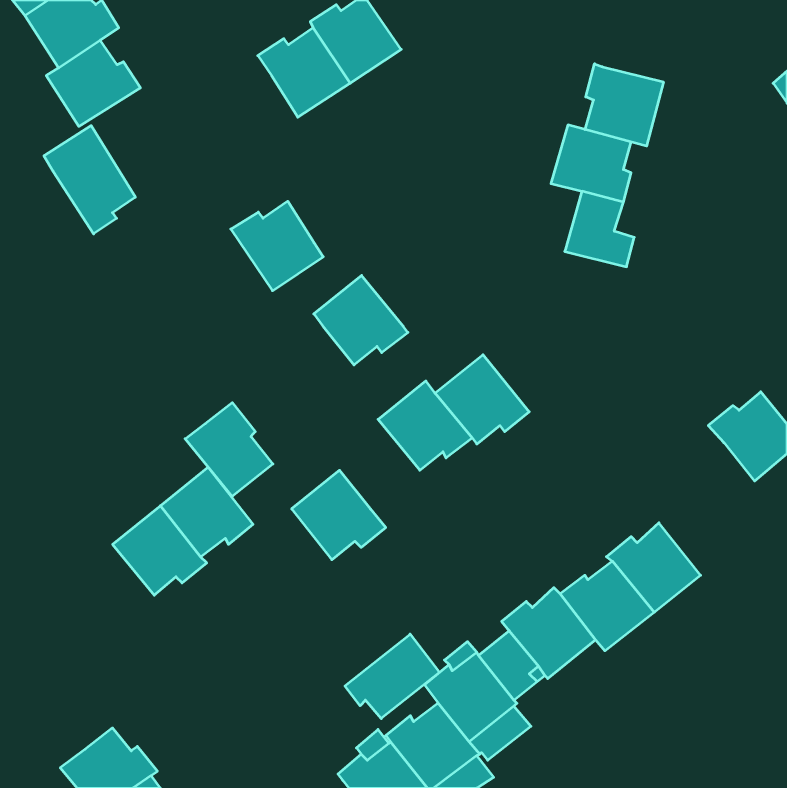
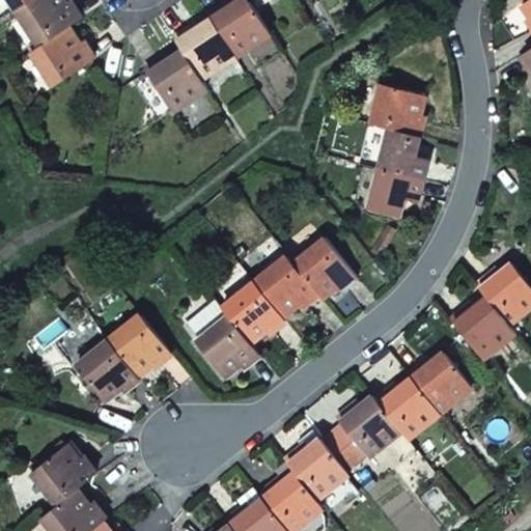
building: [585,64,663,146] -> none
building: [44,126,135,234] -> none
building: [231,201,323,291] -> [144,51,206,111]
building: none -> [368,169,421,217]
building: [314,275,408,365] -> [222,282,285,342]
building: [185,403,273,497] -> none
building: none -> [451,298,513,358]
building: [345,634,440,719] -> none
building: none -> [31,445,95,504]

